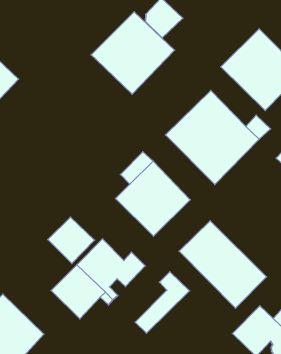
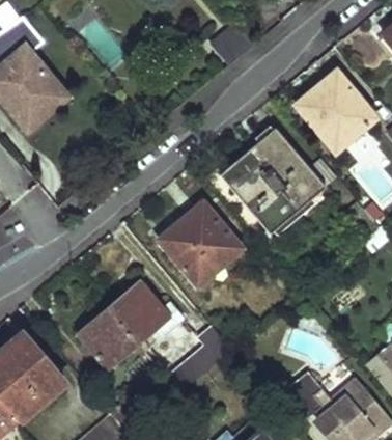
building: [91,12,175,94] -> none
building: [48,217,95,264] -> none
building: [179,221,267,308] -> none

